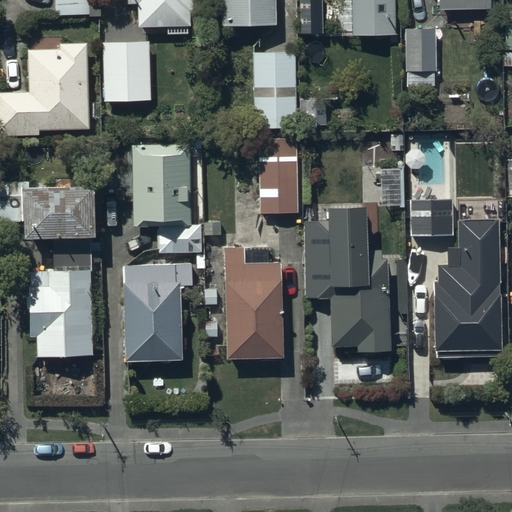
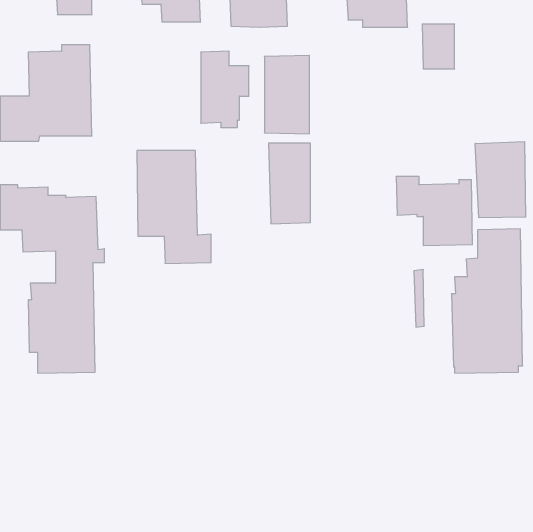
building: [105,32,151,105] -> [201,51,249,127]
building: none -> [475,142,526,218]
building: [305,209,397,353] -> none
building: [224,245,283,360] -> none
building: [123,258,193,363] -> none

